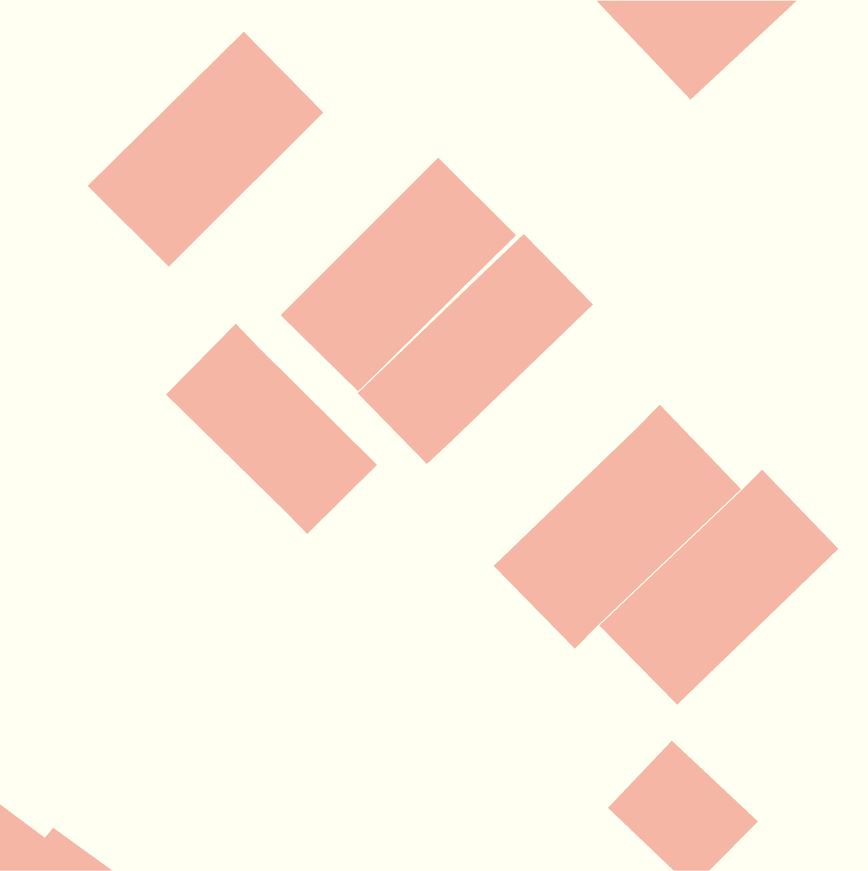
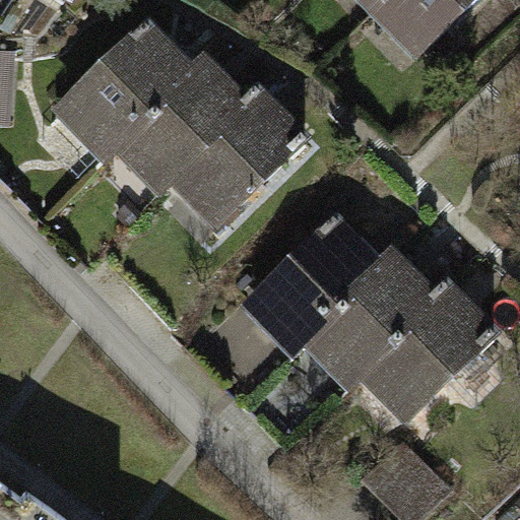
building: none -> [112,59,249,195]
building: [357,233,594,465] -> [237,213,378,351]
building: [165,323,378,535] -> none

